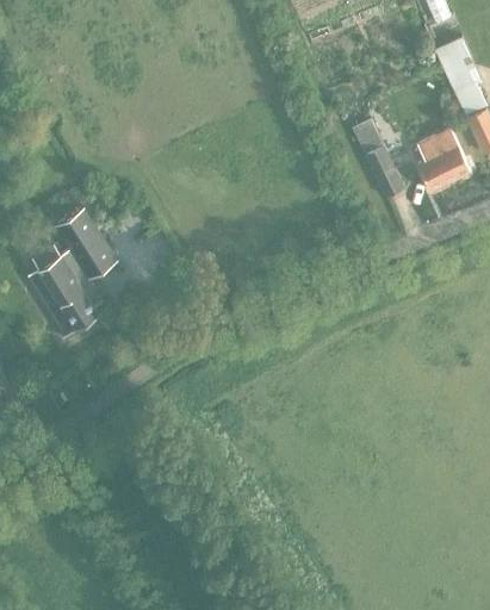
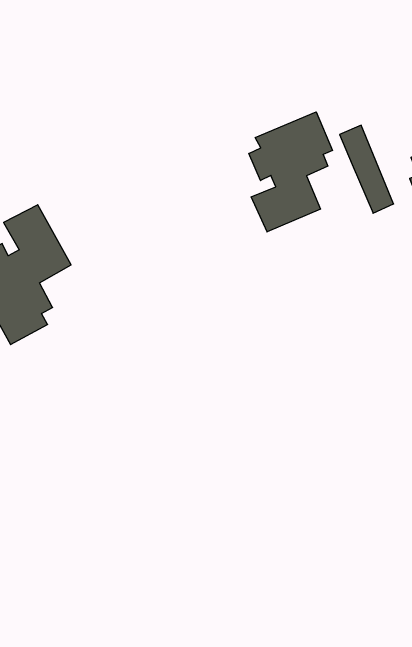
building: none -> [249,112,333,232]

